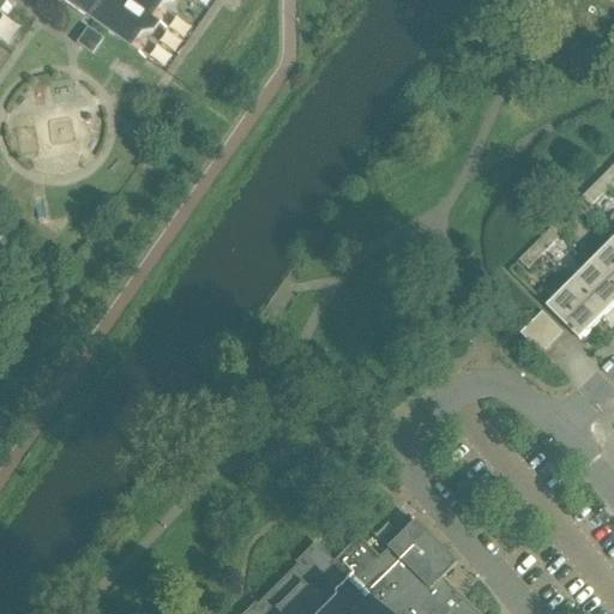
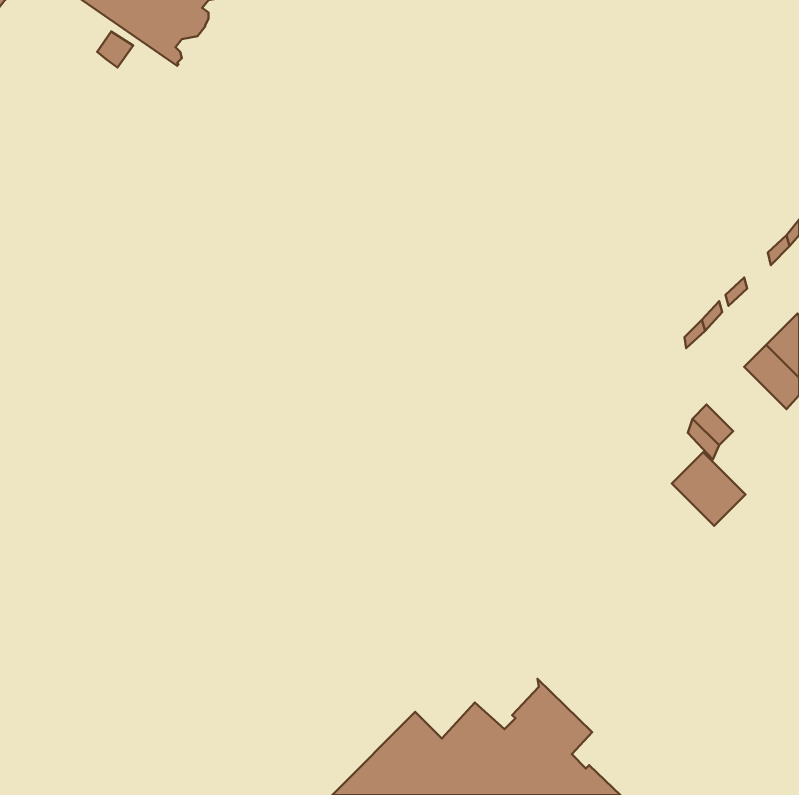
building: [546,281,602,337] -> [672,452,745,526]

